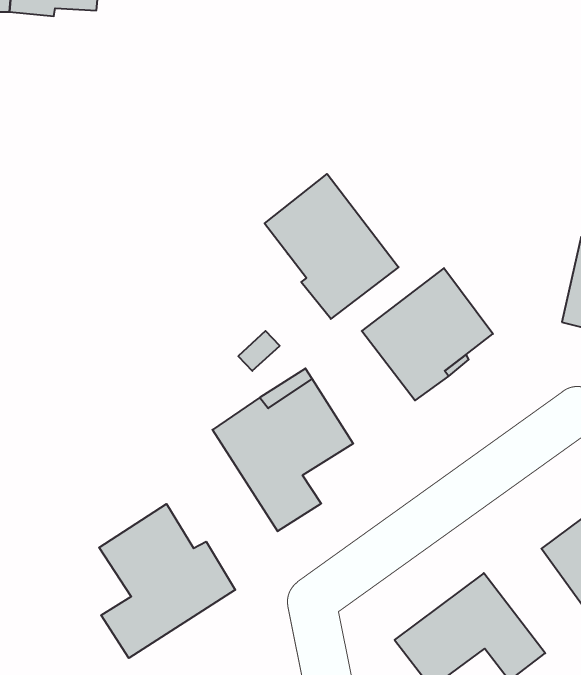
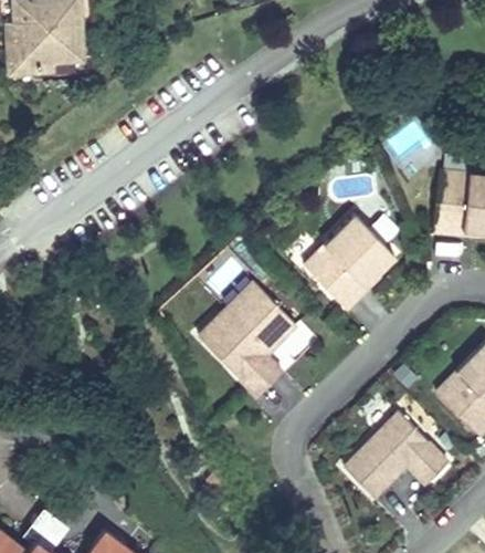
building: [265,174,399,319] -> none
building: [99,504,235,658] -> none

